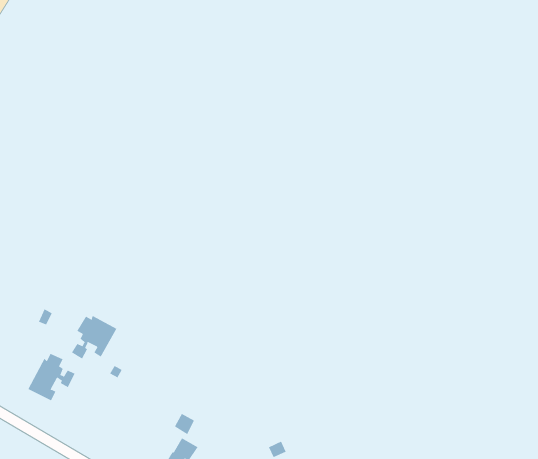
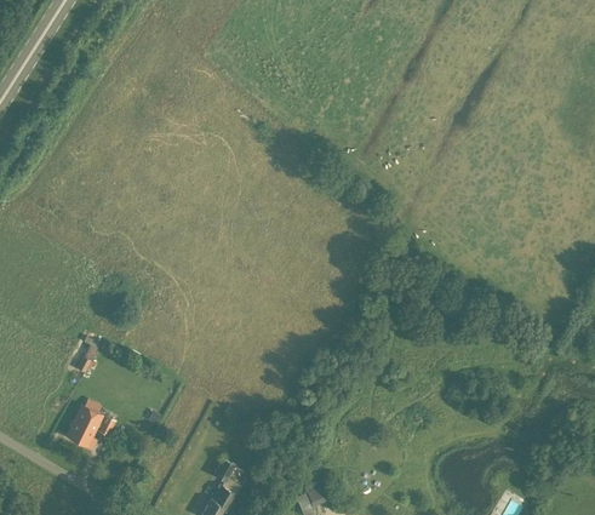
building: [71,315,117,359] -> none

